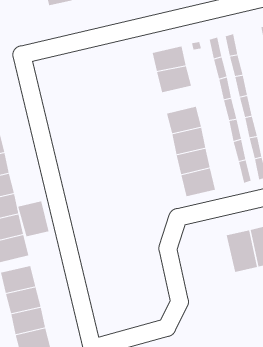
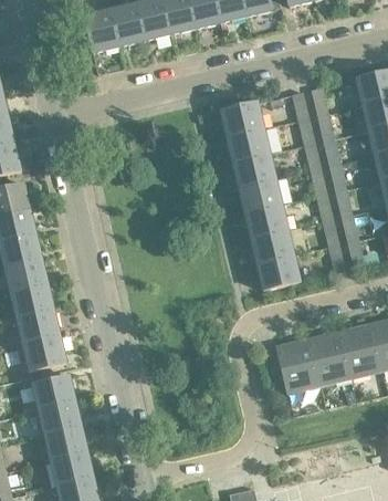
building: none -> [231,152,274,186]
building: [18,200,49,237] -> none
building: none -> [275,337,322,393]

